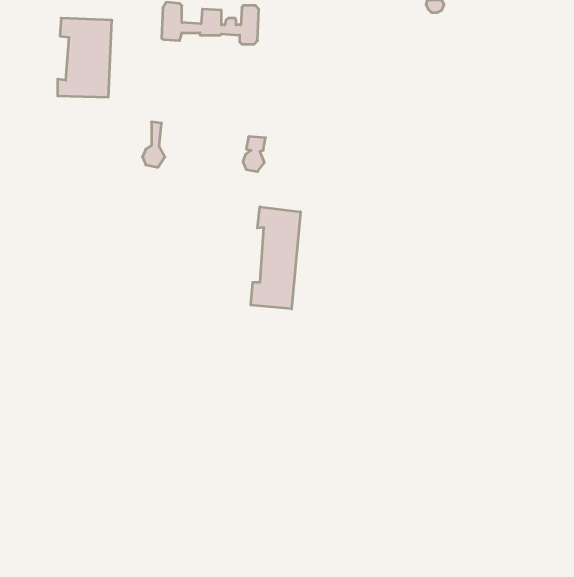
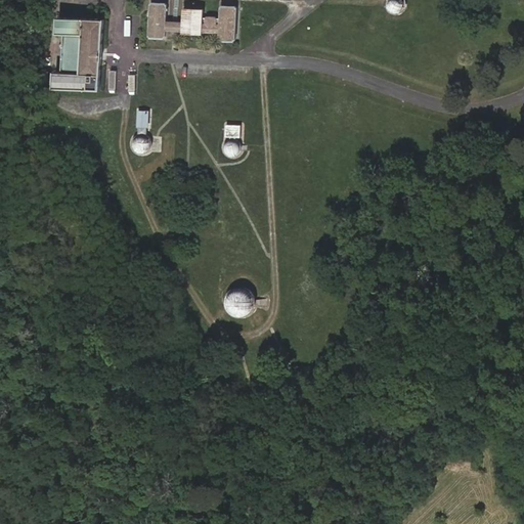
building: [251,207,300,309] -> none
building: none -> [225,288,253,315]

